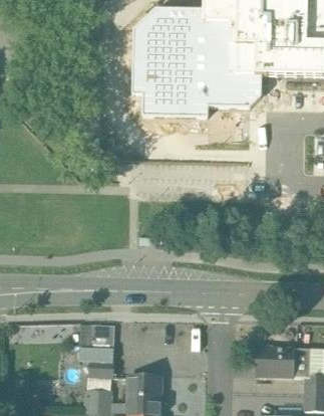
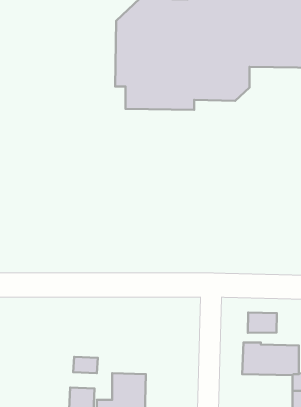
building: none -> [248,313,277,333]
building: [89,324,114,349] -> none

